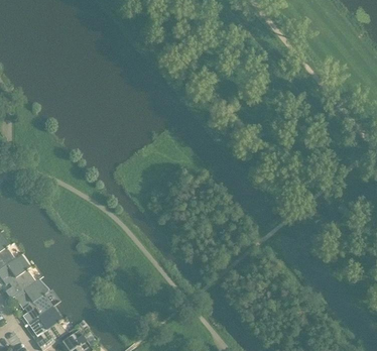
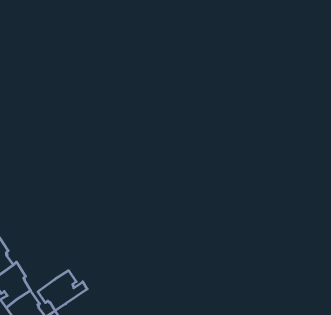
building: none -> [38,271,87,311]

